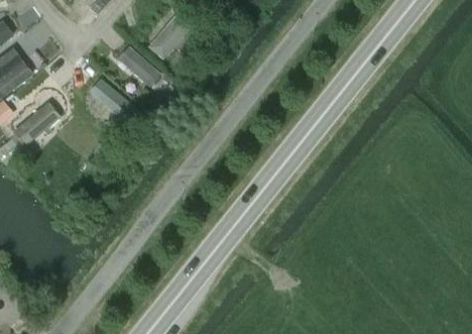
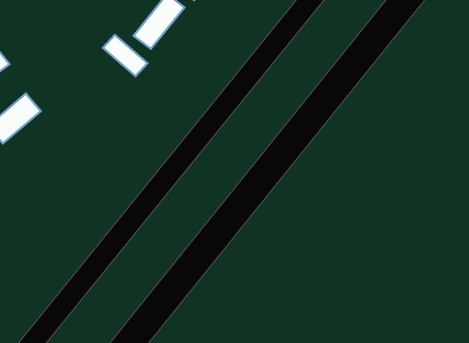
building: [91,80,136,121] -> none

